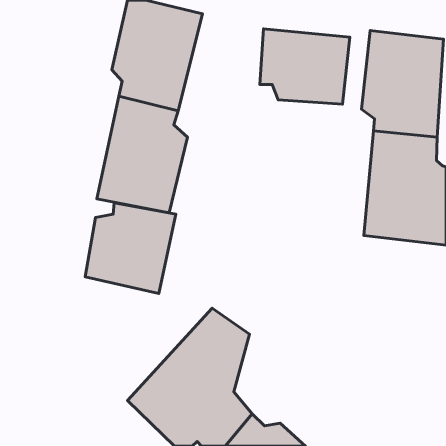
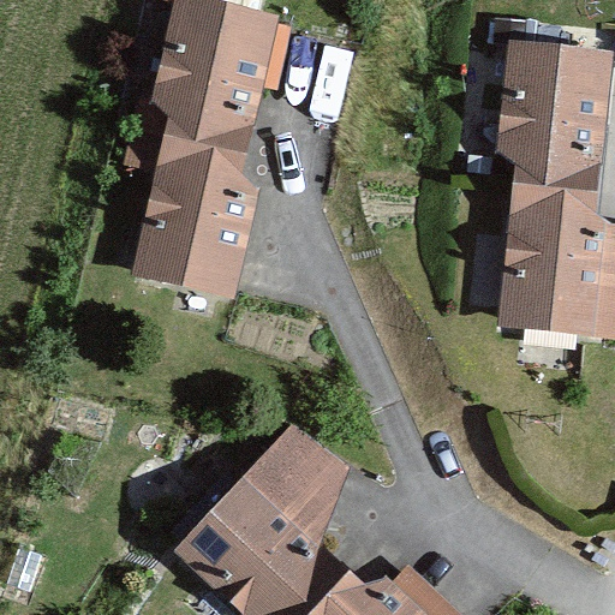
building: [260,29,350,104] -> none
building: [85,203,176,294] -> none

